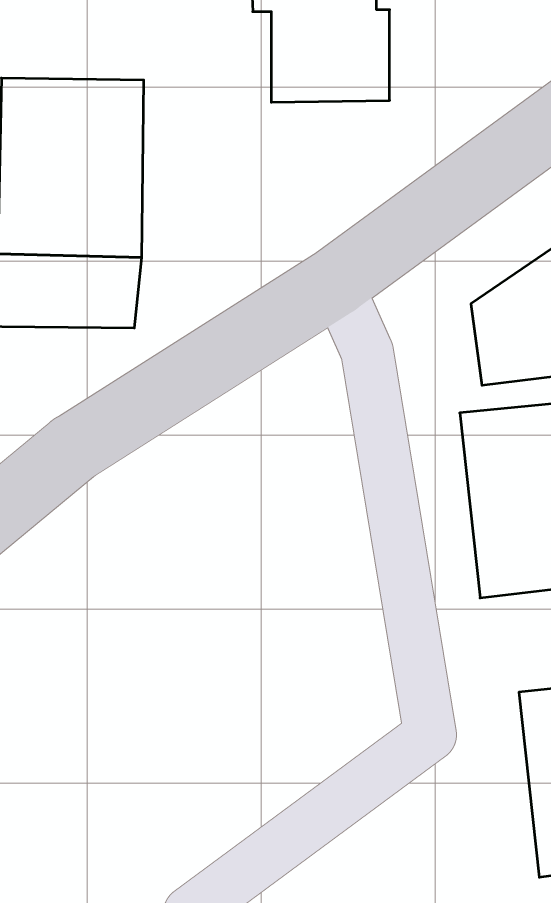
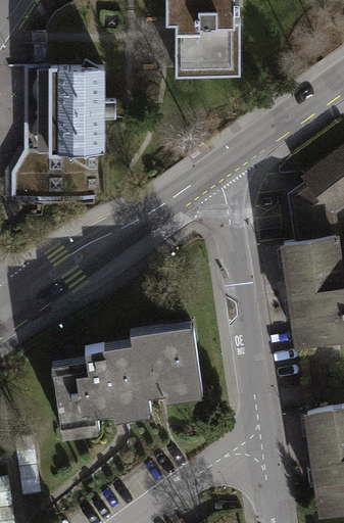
building: none -> [60,316,210,430]

